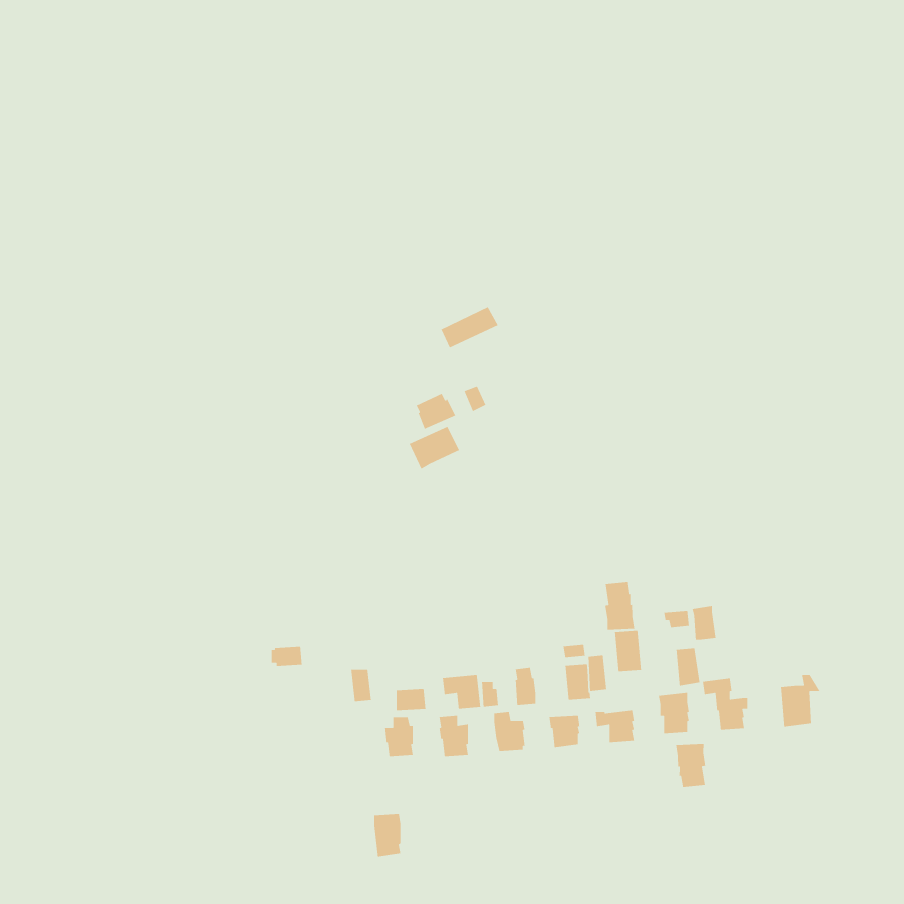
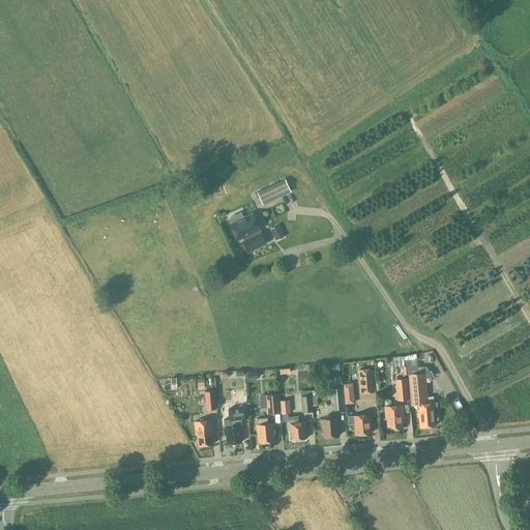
building: [409,426,460,470] -> [231,214,261,240]
building: [604,581,635,630] -> none
building: [780,674,821,727] -> [409,367,433,399]
building: [676,743,706,788] -> none
building: [373,813,401,857] -> [197,420,213,446]

